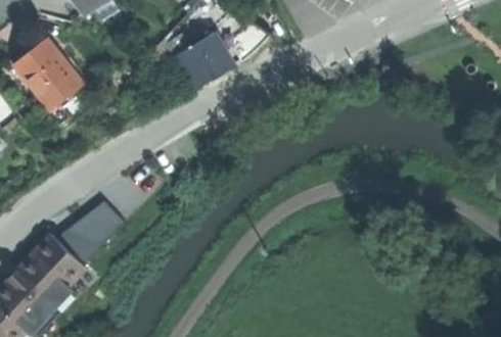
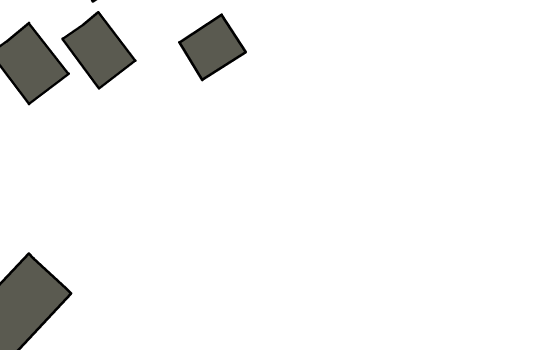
building: none -> [63,12,135,88]
building: [53,203,122,264] -> none

